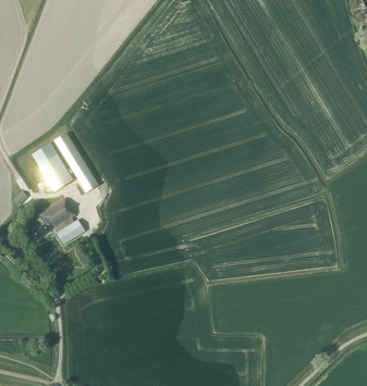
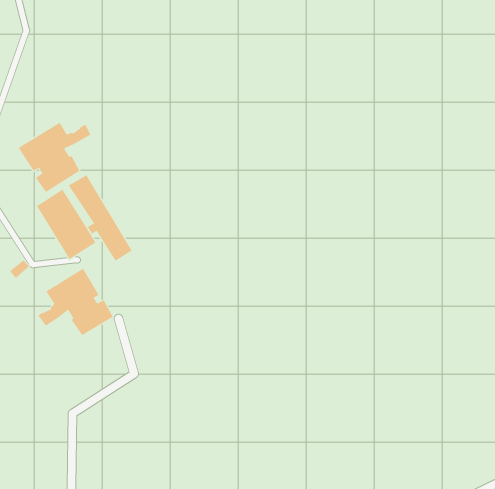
building: none -> [18,122,91,193]

